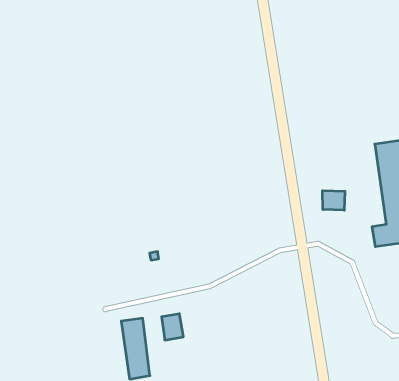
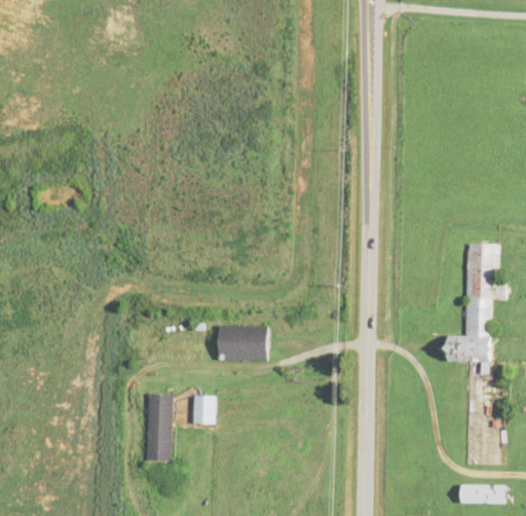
building: [323,191,345,210] -> none
building: none -> [219,325,267,360]

